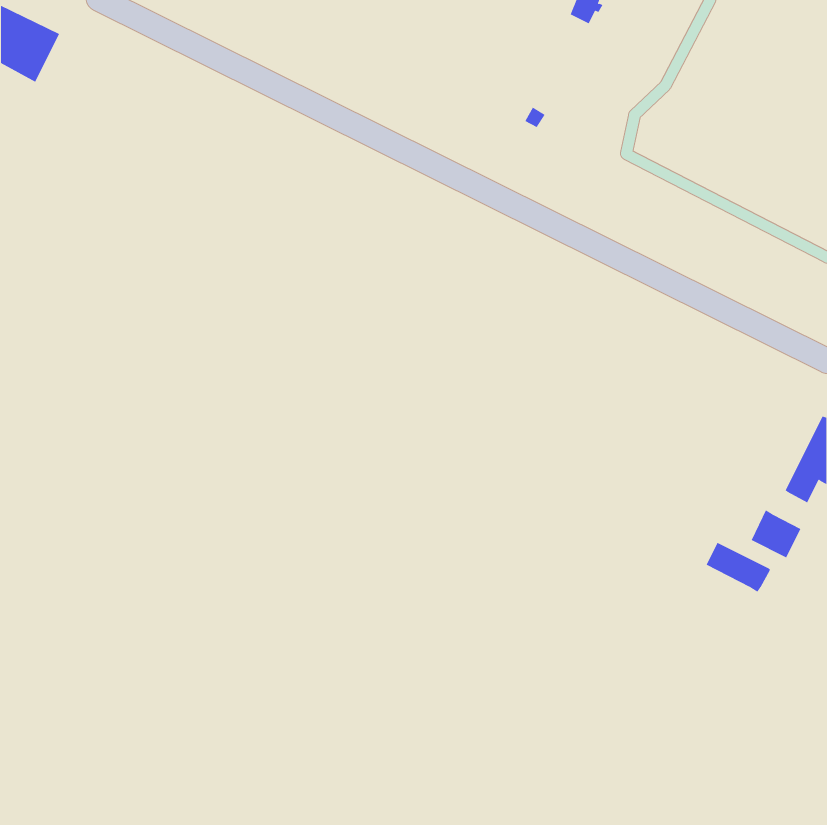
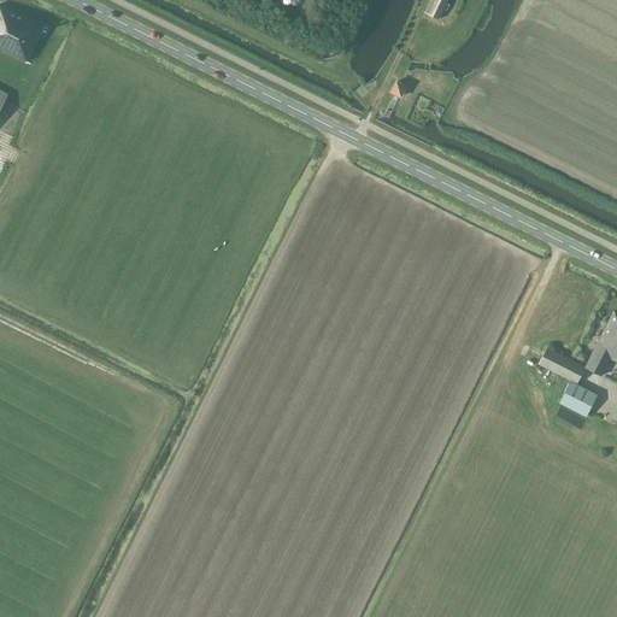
building: [706,542,771,592] -> [537,346,586,383]

